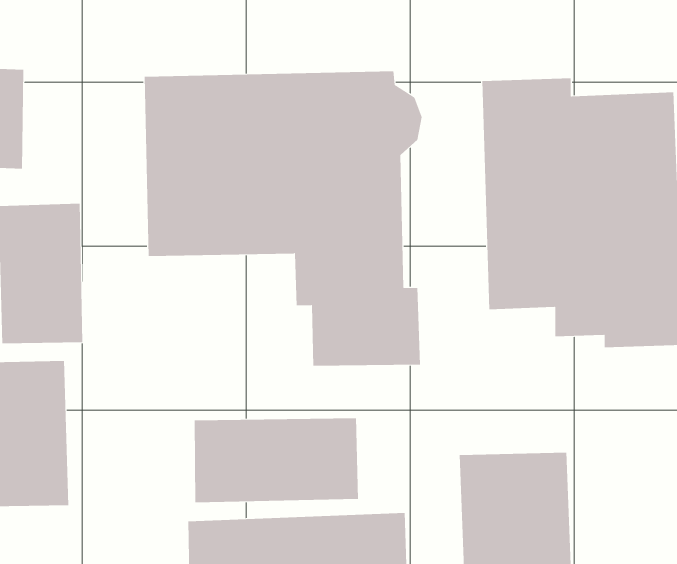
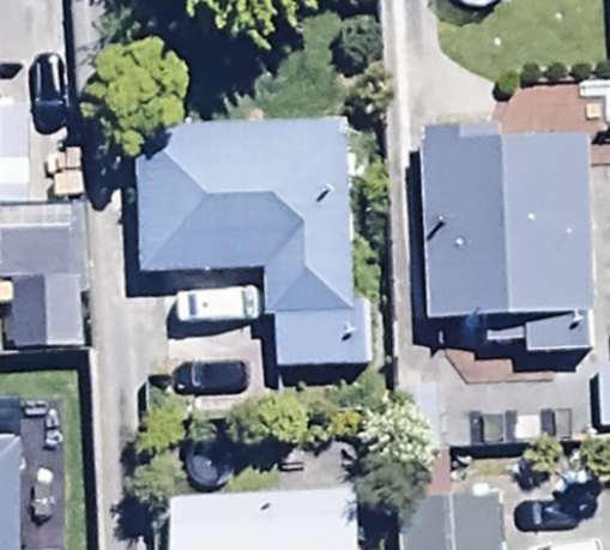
building: [194,418,358,503] -> none

